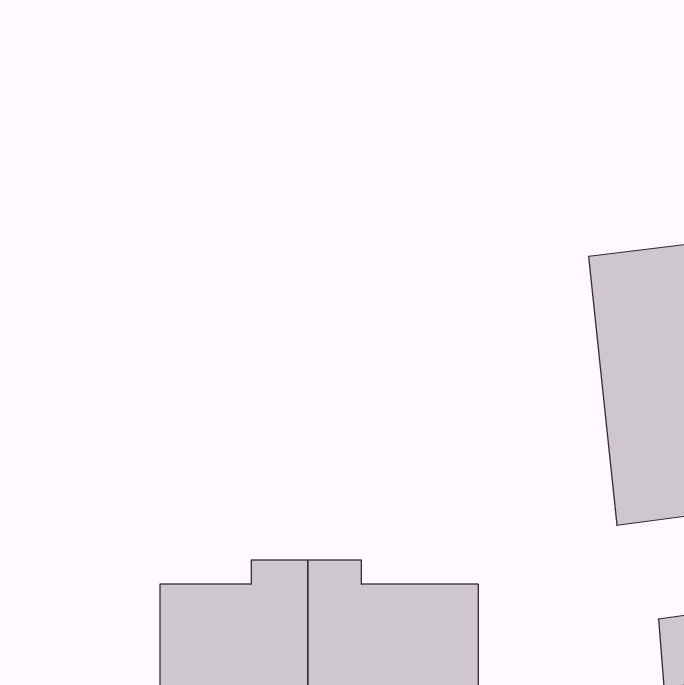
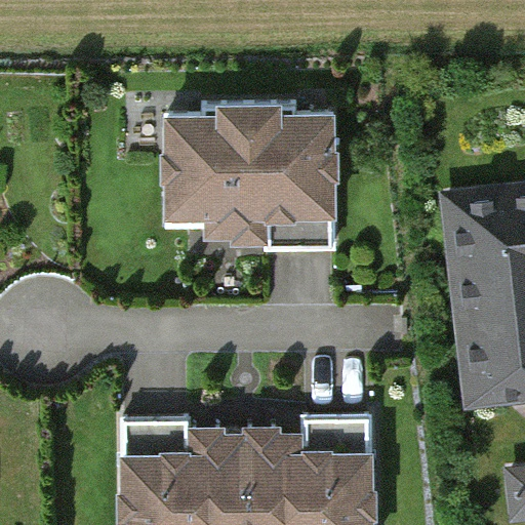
building: none -> [160,104,328,246]

